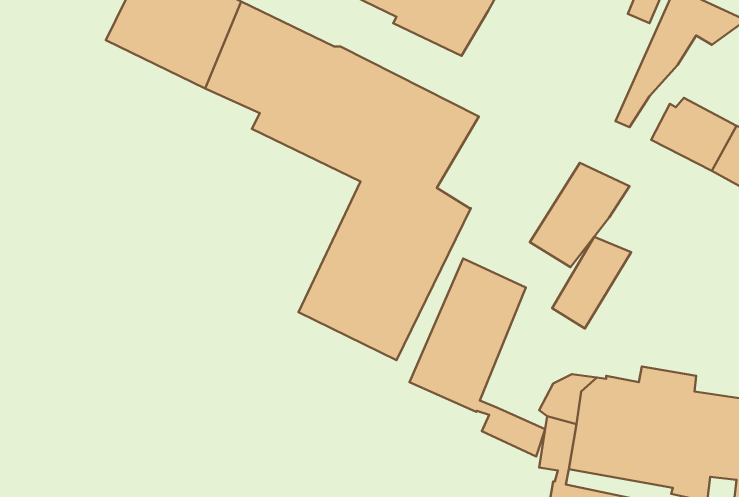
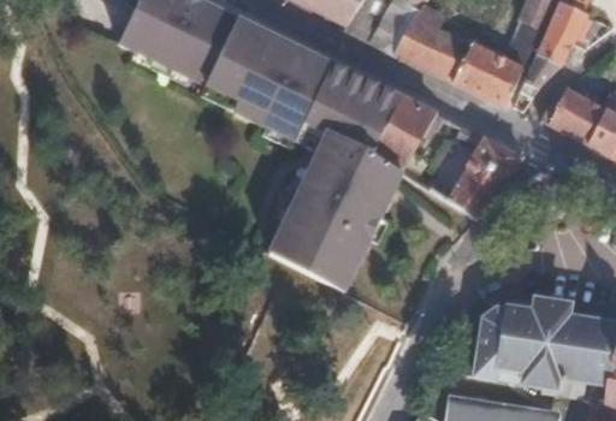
building: none -> [393,20,522,108]
building: [552,237,631,328] -> [374,102,436,173]
building: [409,259,545,456] -> none

